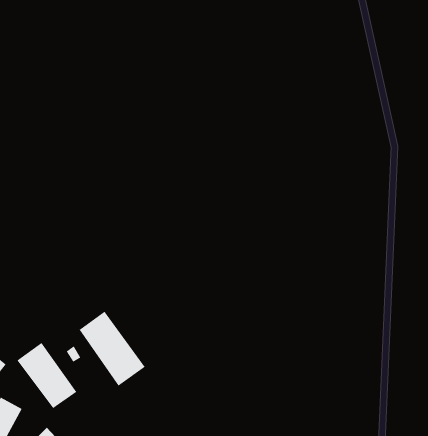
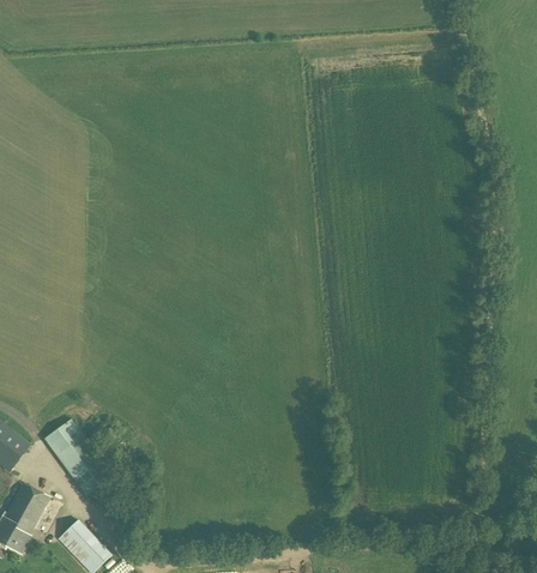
building: [79,311,145,387] -> none

